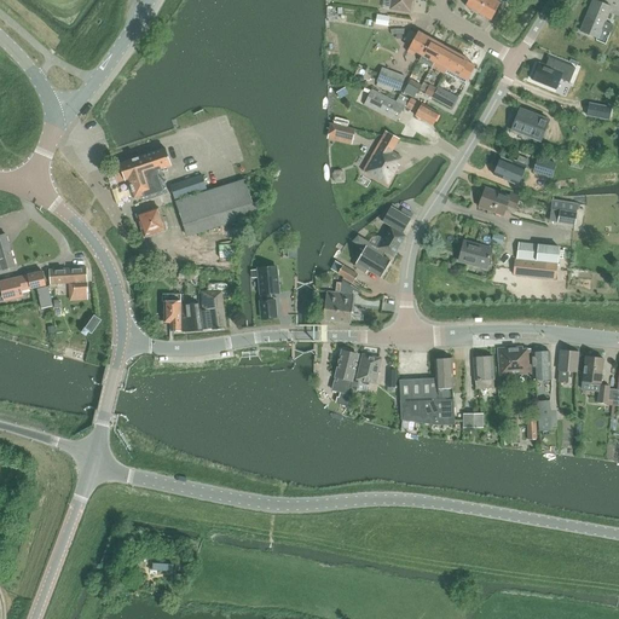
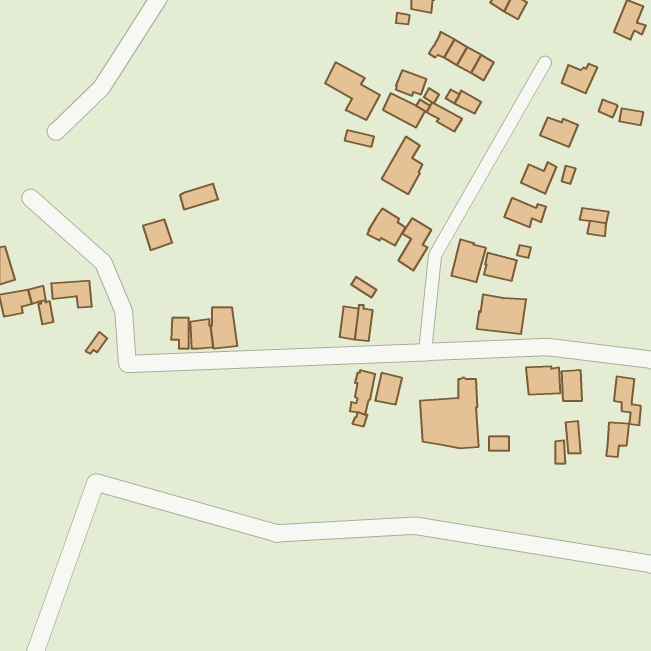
building: none -> [325,62,380,120]
building: [120,147,170,201] -> none
building: [175,178,259,236] -> none
building: none -> [452,239,486,282]
building: [511,241,559,278] -> [477,294,526,334]
building: [353,242,389,277] -> [367,209,405,246]
building: [256,266,277,318] -> none
building: [556,349,578,382] -> [606,423,629,457]
building: [473,354,493,387] -> none

